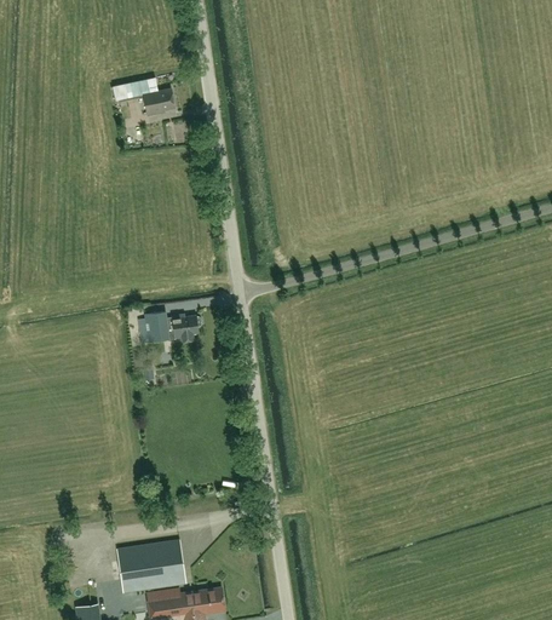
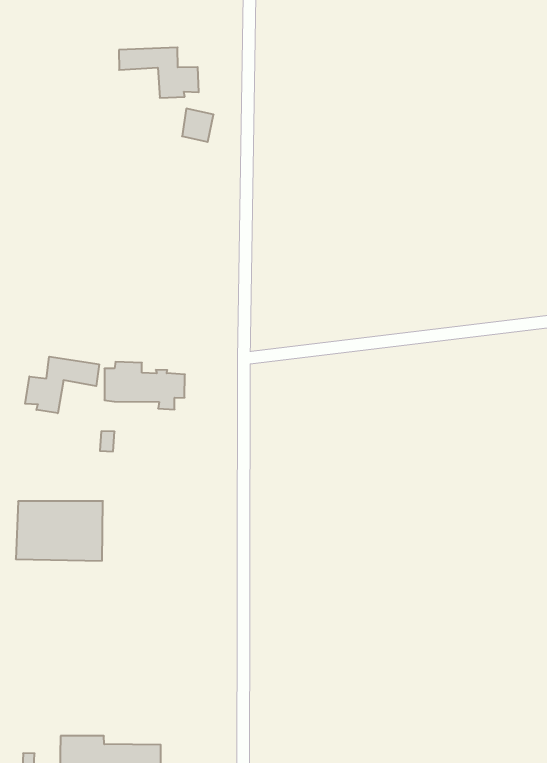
building: none -> [25,357,99,413]
building: [117,540,185,592] -> [16,501,103,561]

